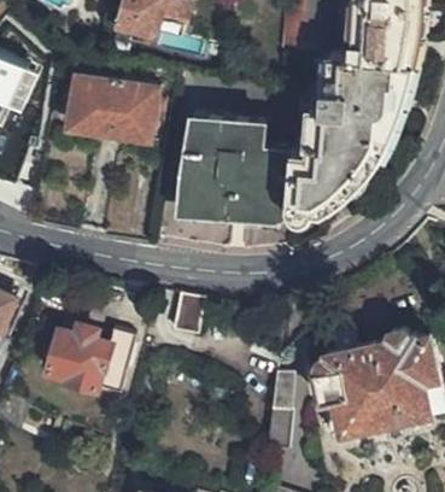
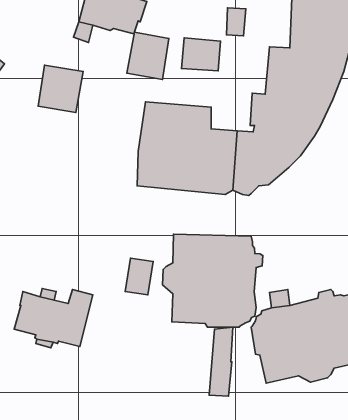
building: none -> [182,38,220,71]
building: [116,84,163,137] -> [127,32,169,80]
building: none -> [163,234,263,327]

